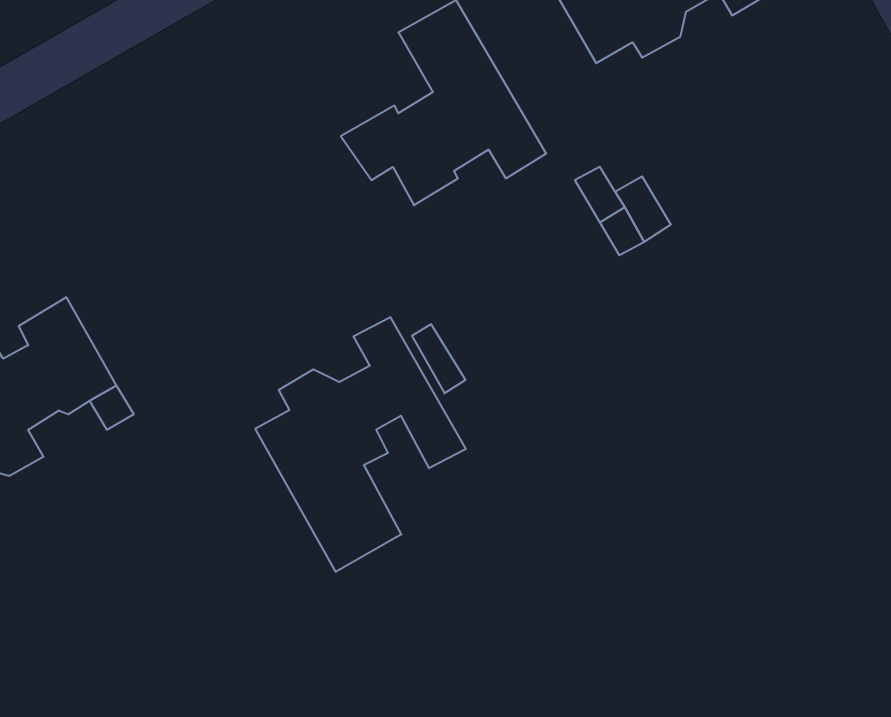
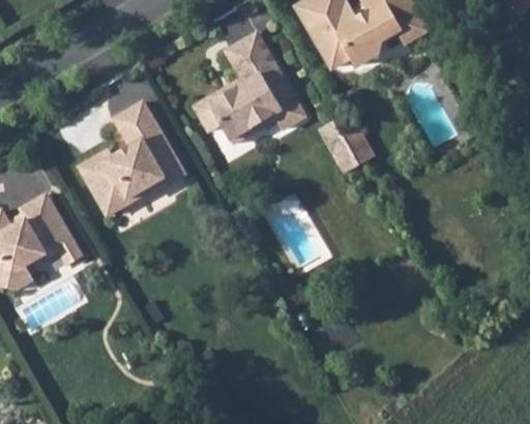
building: none -> [80,100,185,214]
building: [255,317,466,572] -> none

